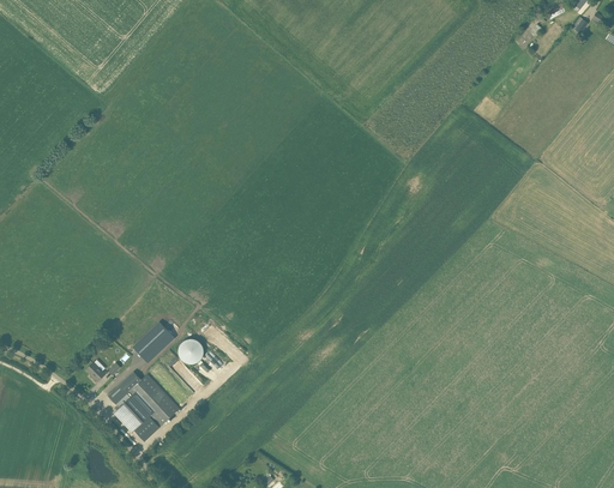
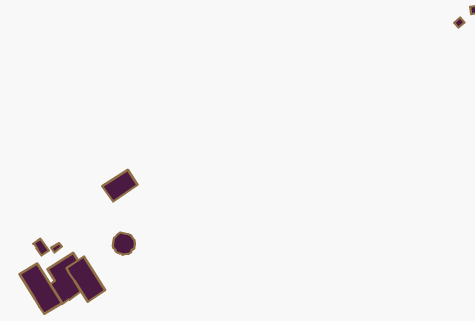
building: [133,323,174,362] -> [102,170,138,201]
building: none -> [19,264,62,314]

